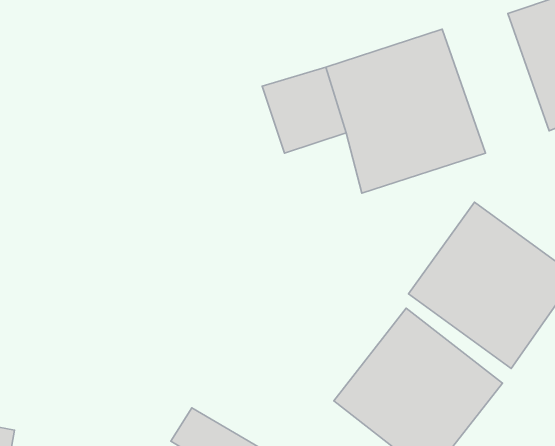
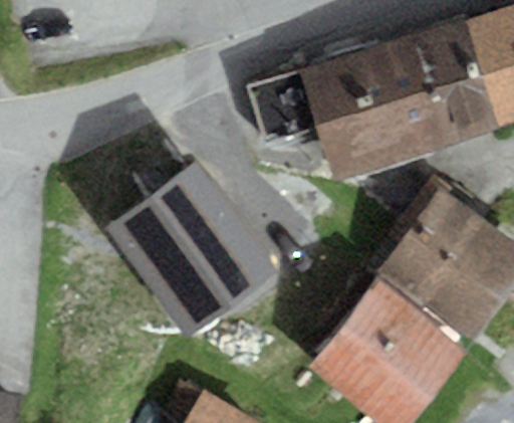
building: none -> [408,14,504,146]
building: none -> [106,164,279,342]

